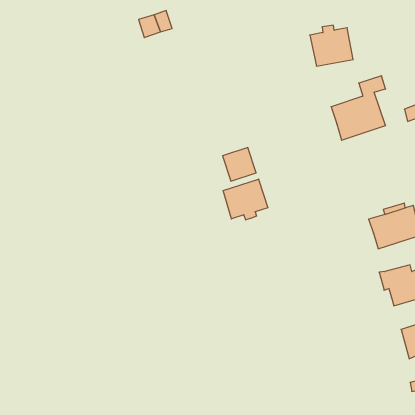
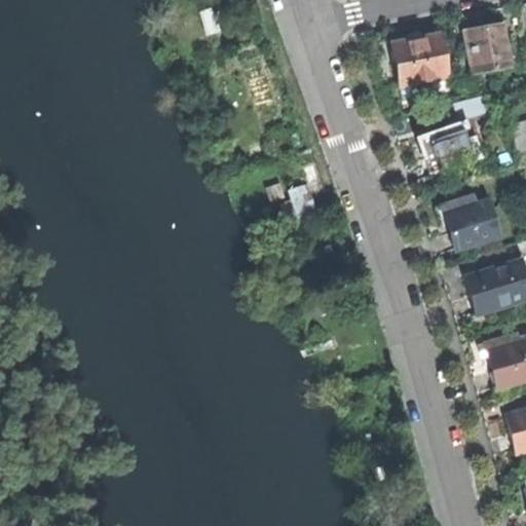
building: none -> [465,23,516,73]
building: none -> [446,193,499,249]
building: [223,179,268,220] -> none

